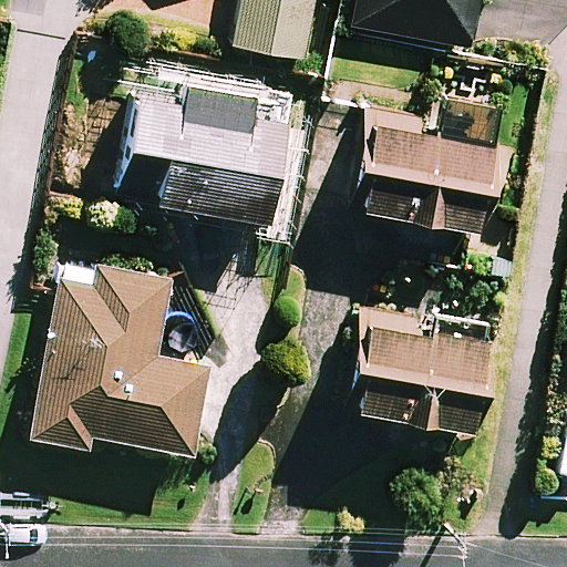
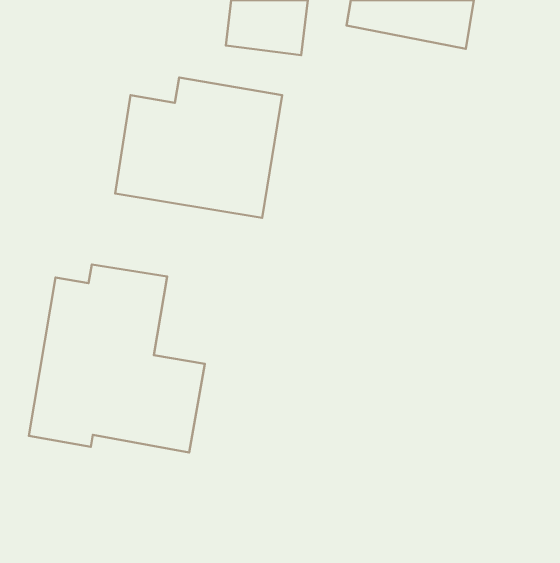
building: [357,122,493,228] -> none
building: [352,305,488,426] -> none

